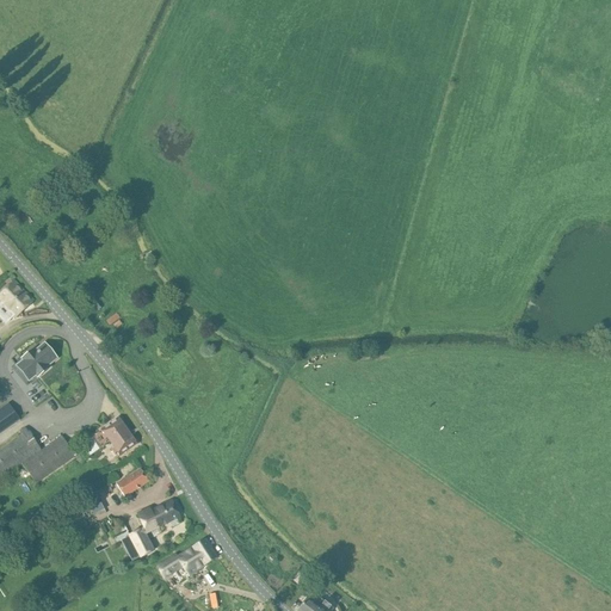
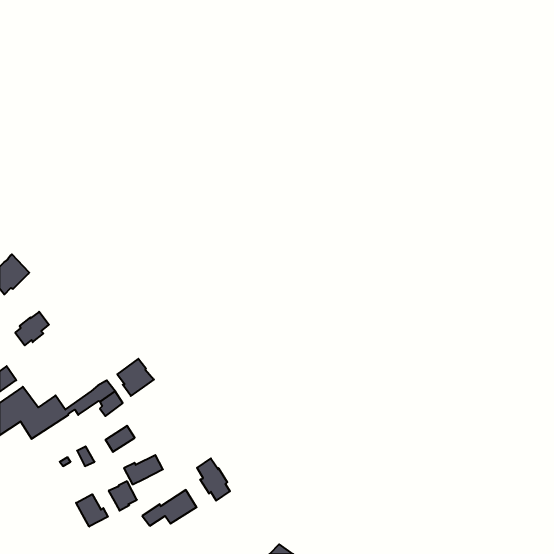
building: none -> [117,359,154,396]
building: none -> [197,458,230,501]
building: none -> [76,494,108,527]

